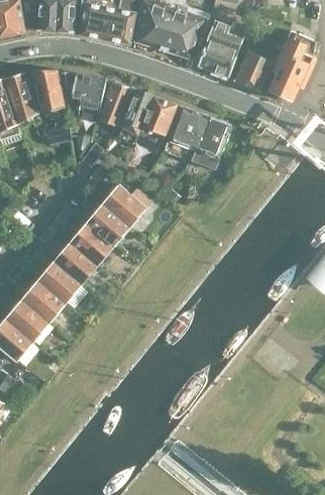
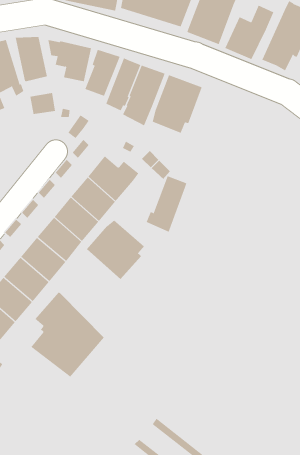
building: [192,117,231,171] -> [146,176,187,233]
building: none -> [86,219,145,280]
building: none -> [31,292,105,378]

